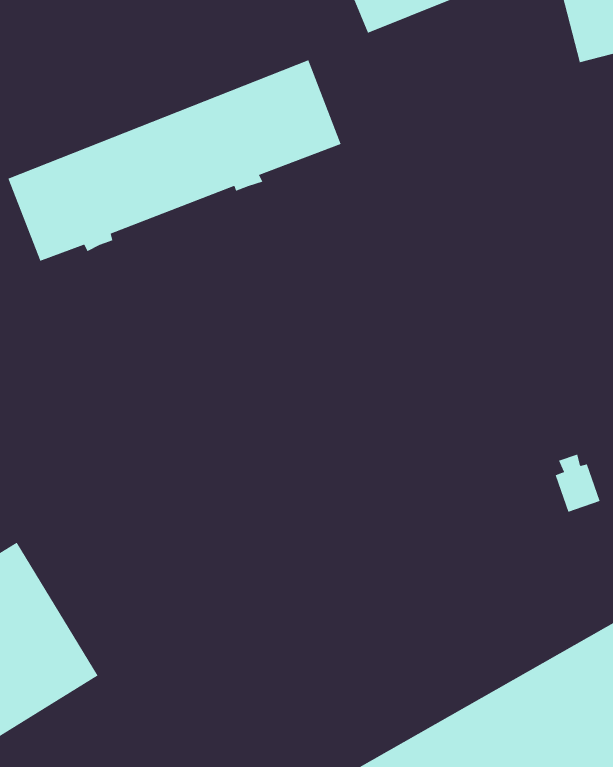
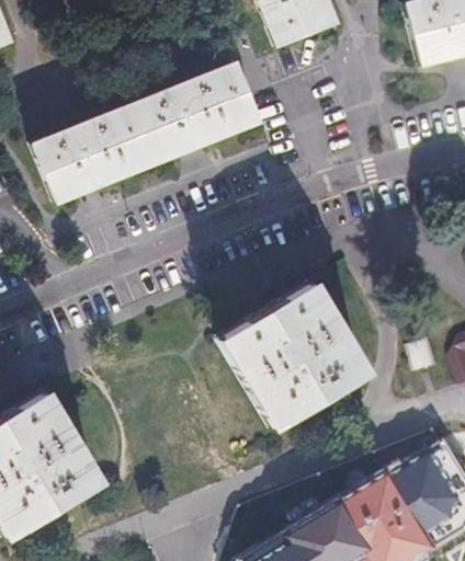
building: none -> [215,280,361,425]

